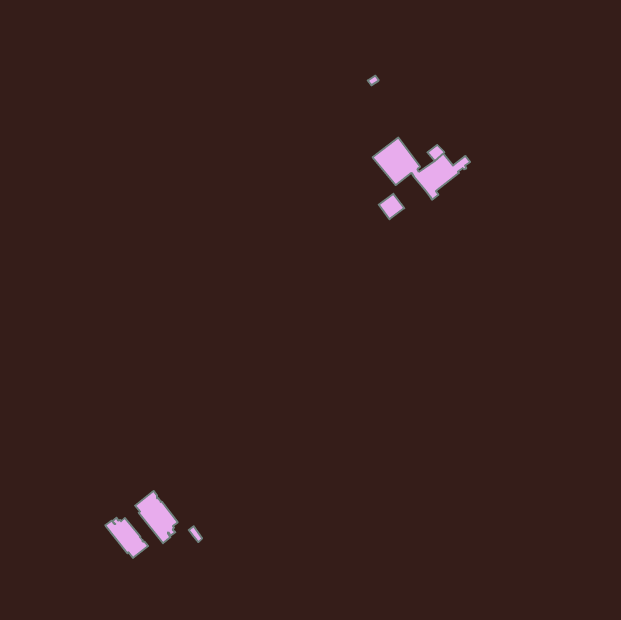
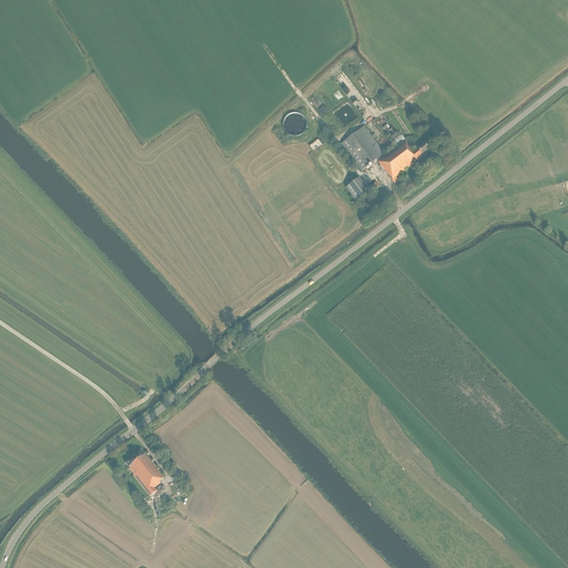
building: [105,518,148,558] -> none

